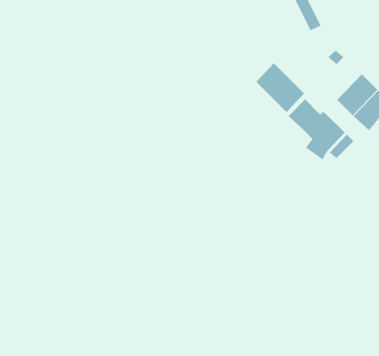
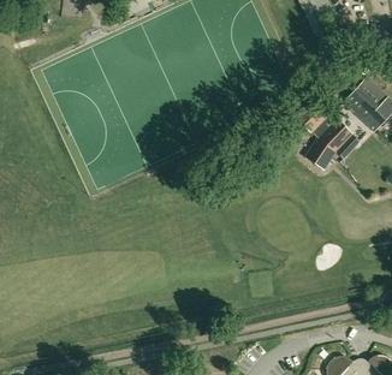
building: [255,63,305,113] -> none

